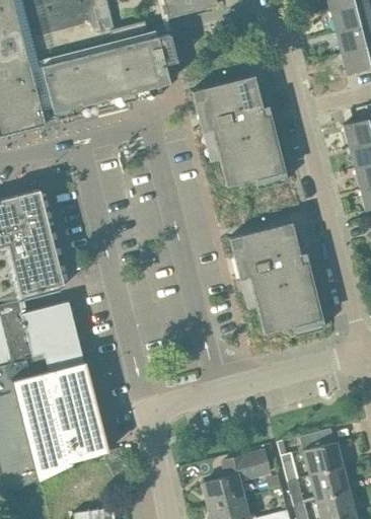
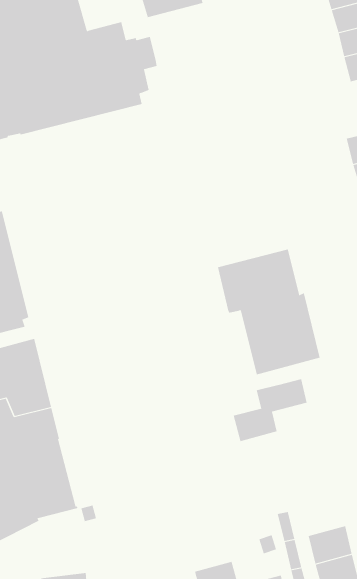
building: [193,75,284,187] -> none
building: [300,429,344,475] -> none
building: [204,451,270,507] -> [233,379,307,442]

